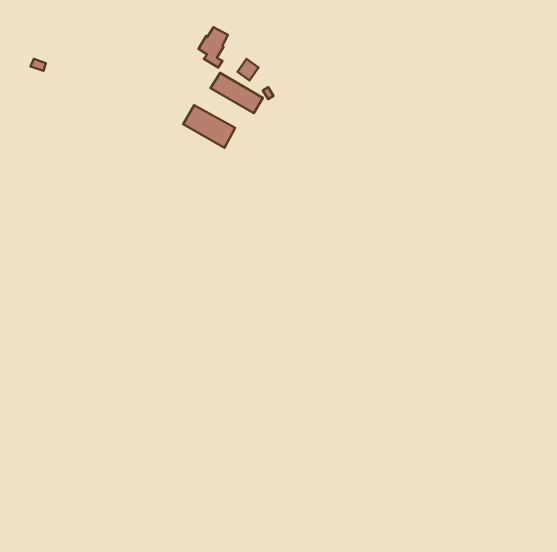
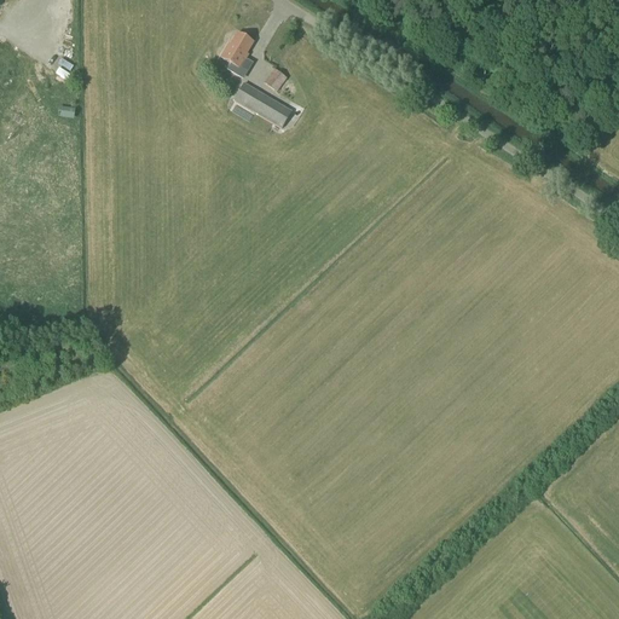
building: [183,105,235,148] -> none

